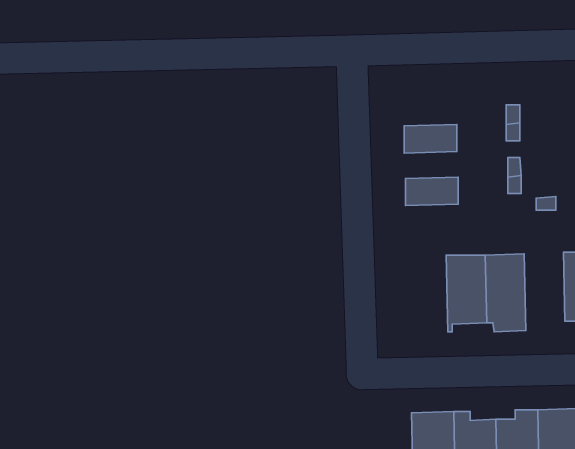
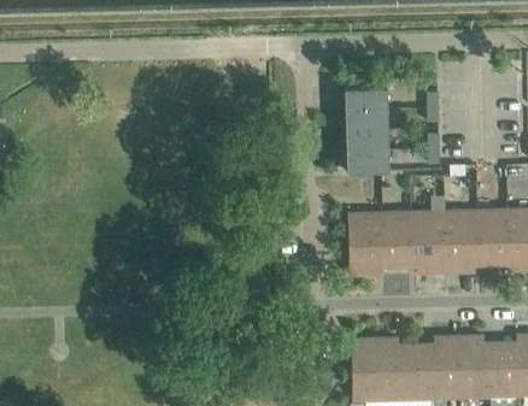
building: none -> [345,87,388,108]
building: none -> [346,129,389,151]
building: none -> [442,210,476,272]
building: none -> [348,212,381,275]

